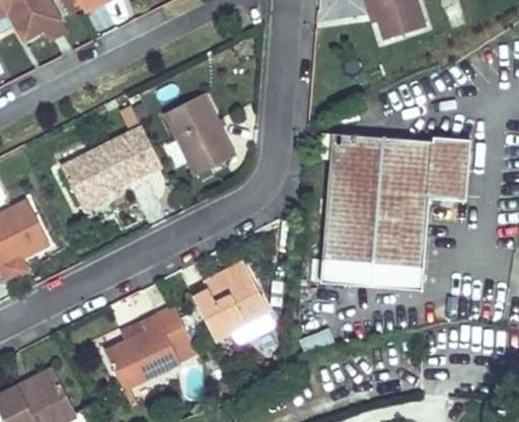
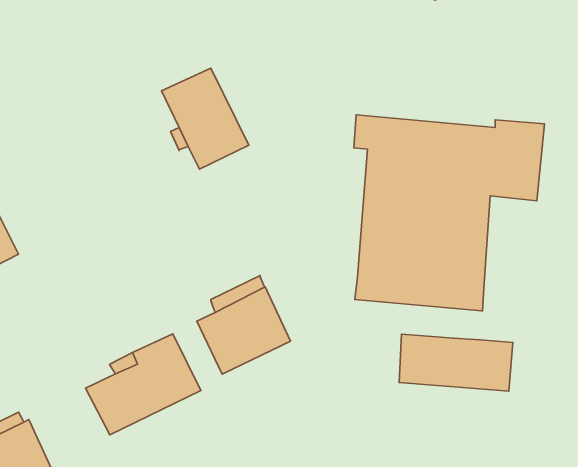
building: [61,127,160,211] -> none
building: none -> [399,334,513,391]

